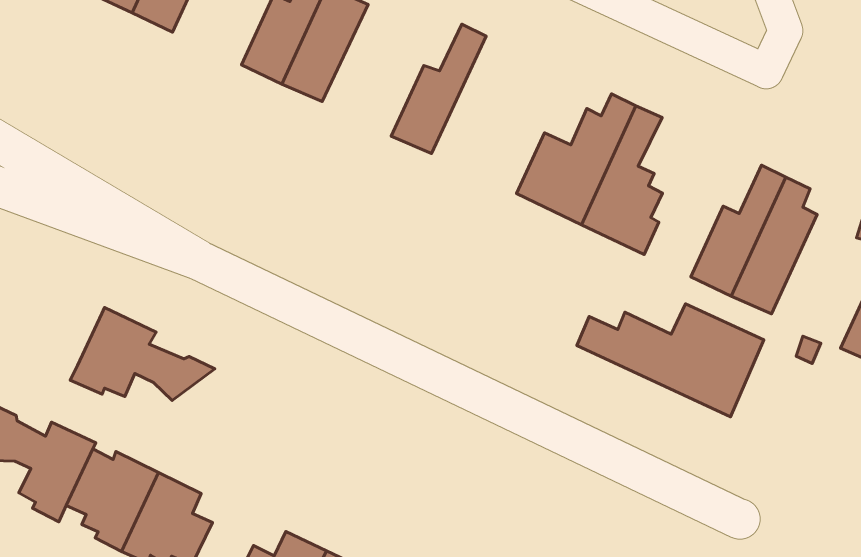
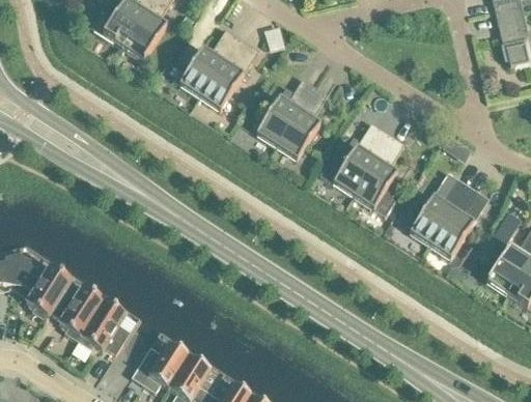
building: none -> [276,86,328,160]
building: [577,304,764,417] -> none
building: [70,308,215,401] -> none

